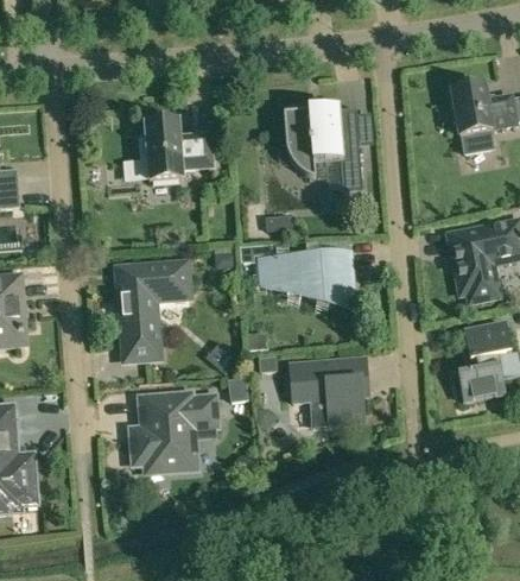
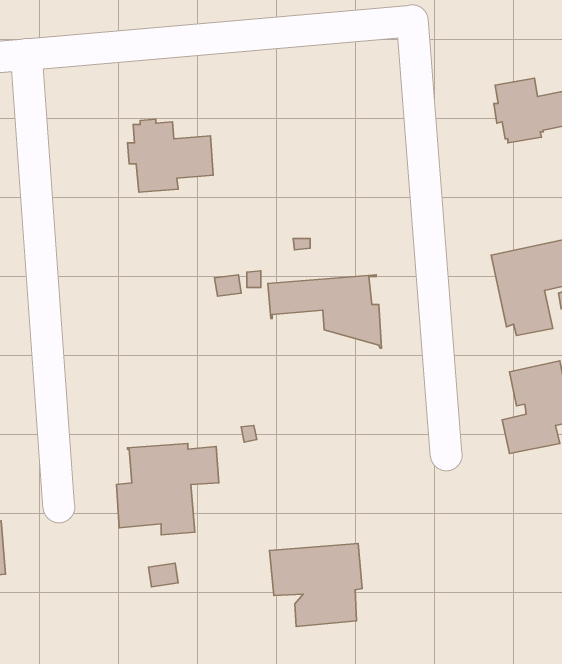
building: [284,107,362,190] -> none
building: [116,261,189,359] -> none
building: [290,356,368,427] -> [270,543,362,626]

